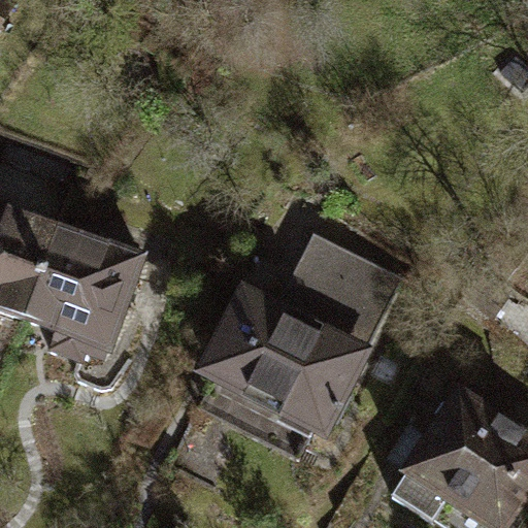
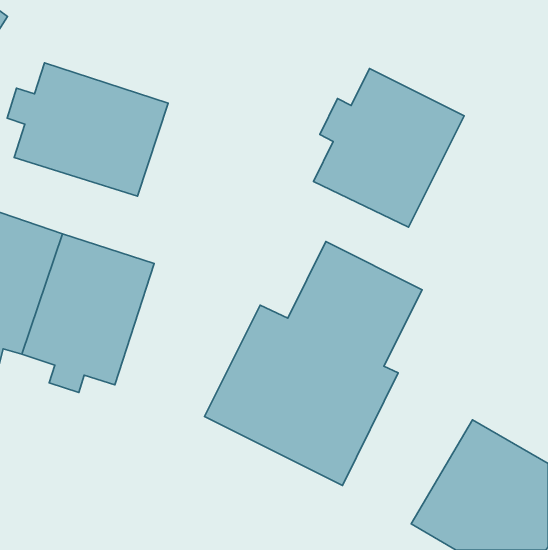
building: none -> [7,63,168,196]
building: none -> [313,69,464,227]

